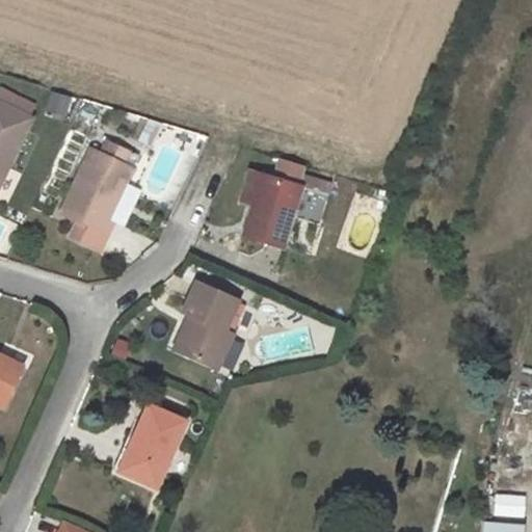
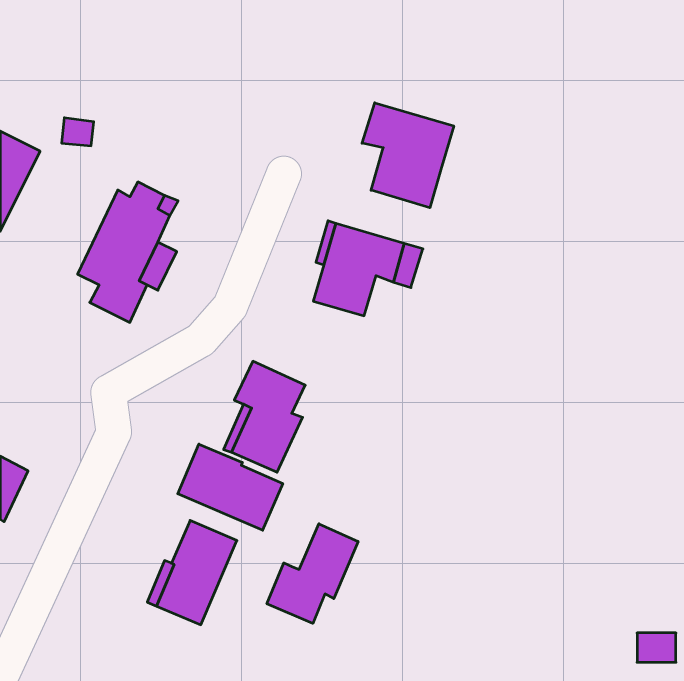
building: none -> [362,103,454,208]
building: none -> [178,444,283,530]
building: none -> [267,524,358,623]

